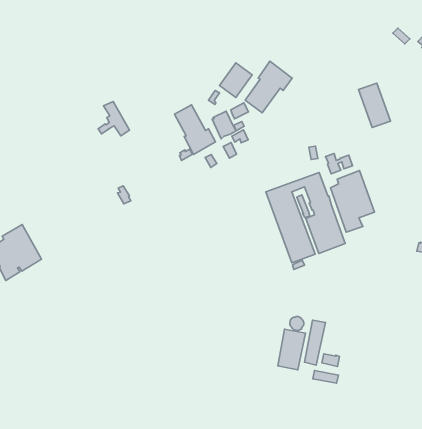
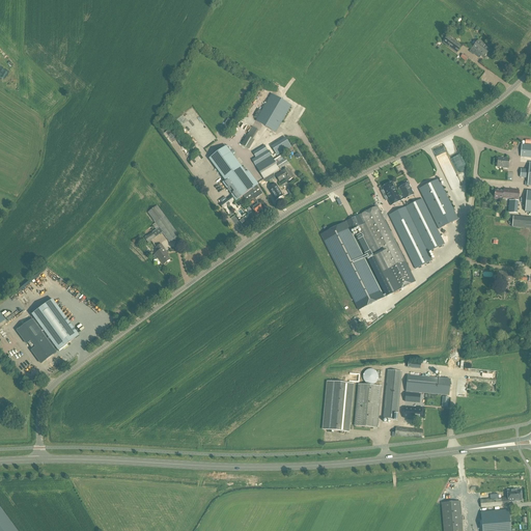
building: [245,61,292,113] -> none
building: [359,83,391,127] -> [418,177,457,227]
building: [98,101,130,136] -> [143,204,178,242]
building: none -> [323,380,352,430]
building: none -> [404,373,449,394]

